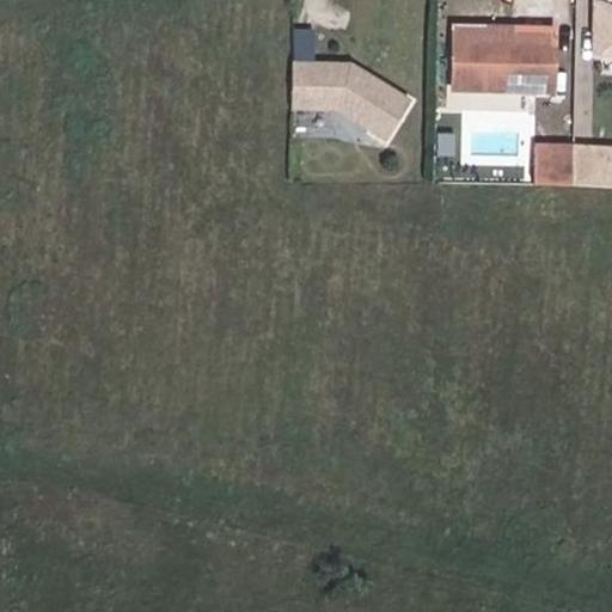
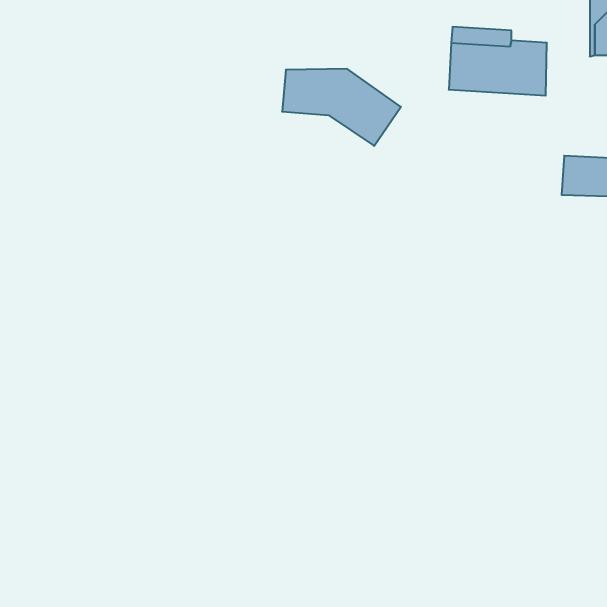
building: [532,152,569,190] -> none

